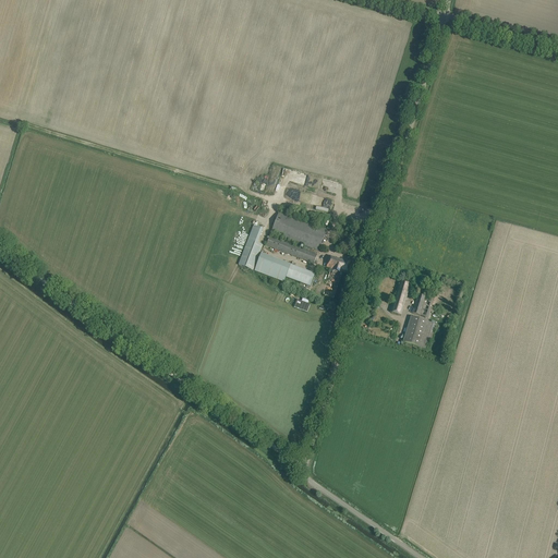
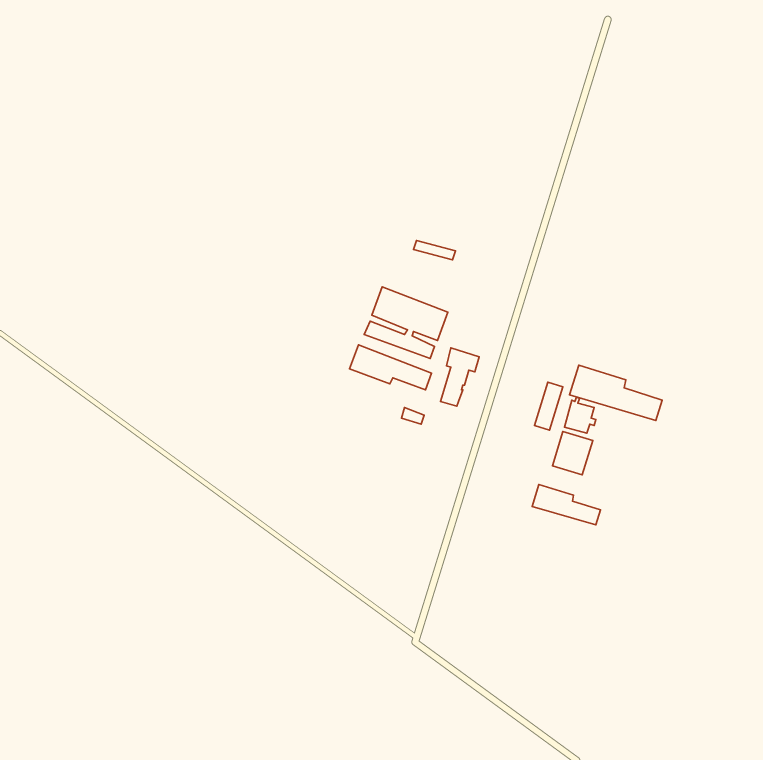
building: [239,223,263,269] -> none
building: none -> [569,365,662,420]
building: none -> [532,484,600,525]

